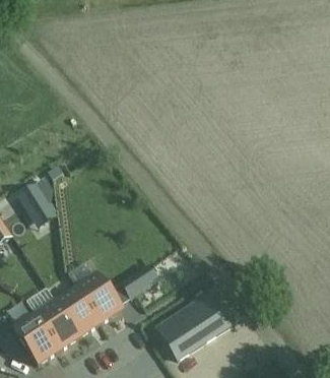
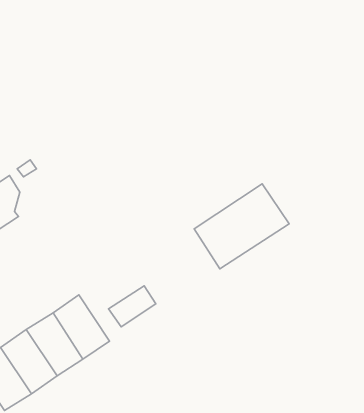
building: [154,293,229,360] -> [194,184,289,269]

